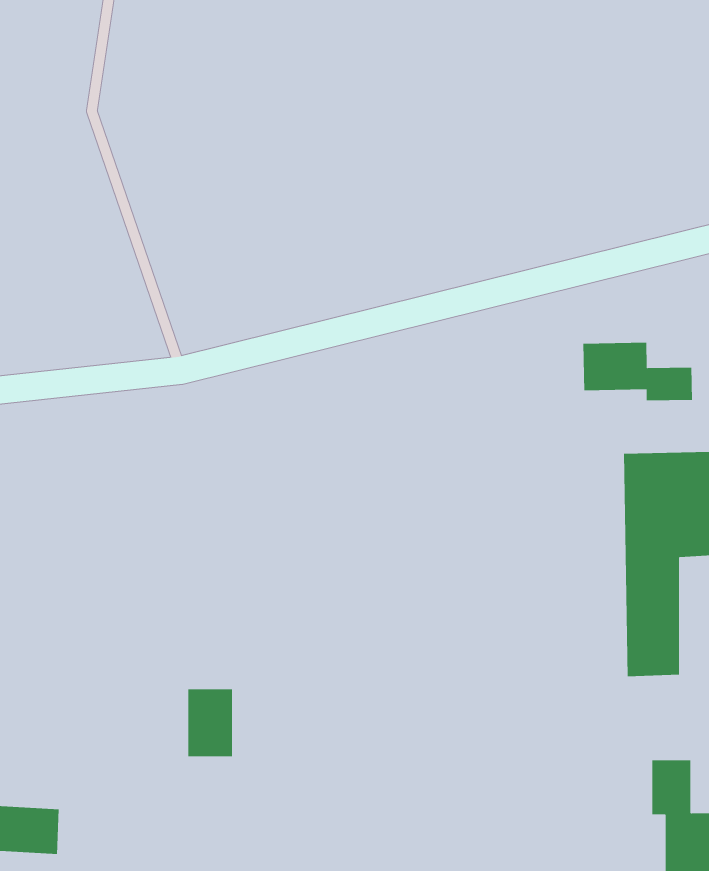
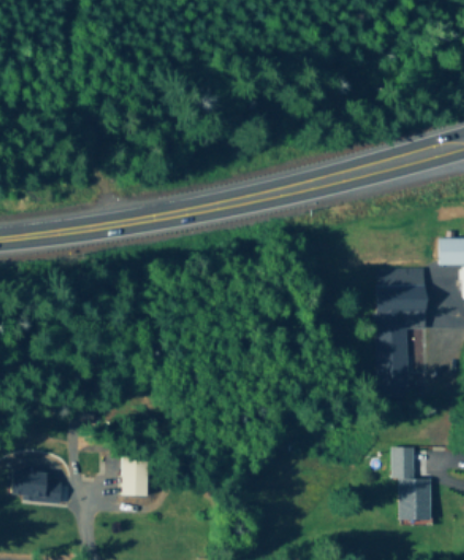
building: [583,342,693,401] -> none
building: [187,689,233,757] -> [120,457,147,497]

